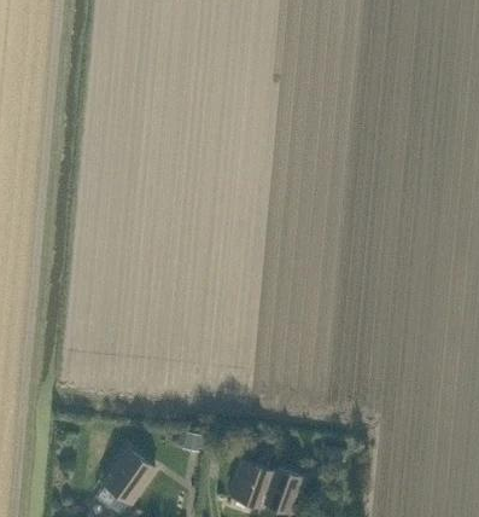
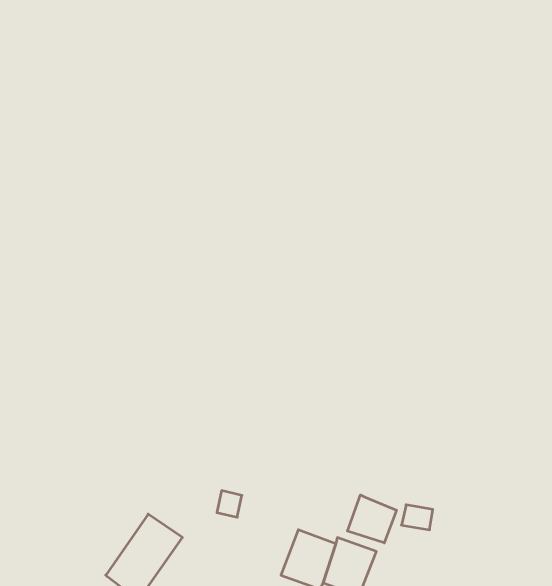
building: none -> [347,495,396,543]

